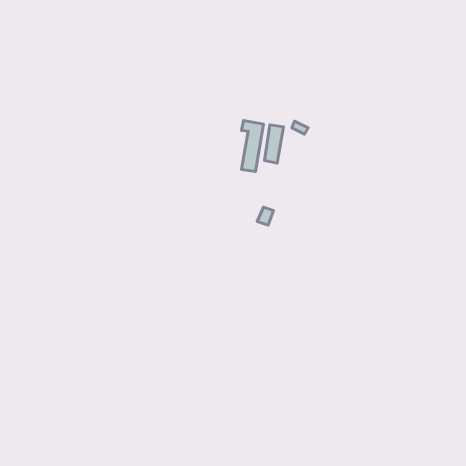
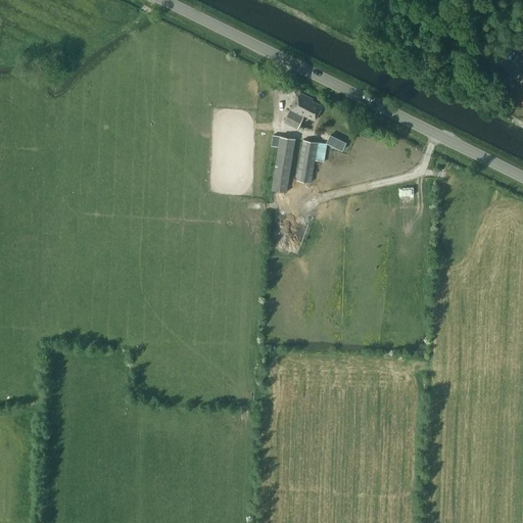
building: none -> [284,92,322,129]

